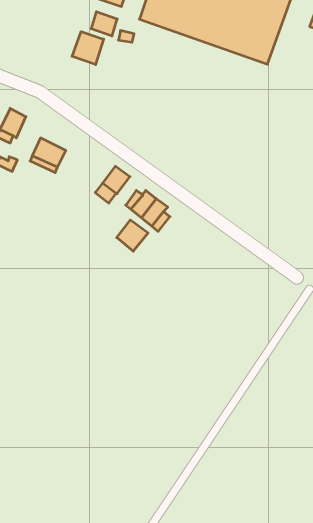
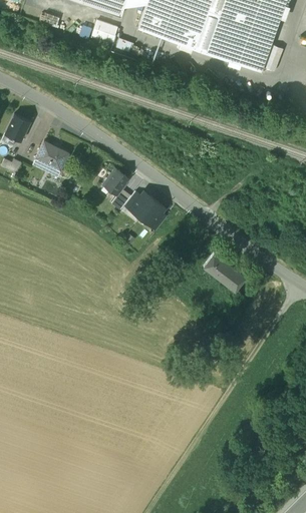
building: [72,32,104,65] -> none
building: [117,220,148,251] -> none
building: none -> [204,251,246,290]

